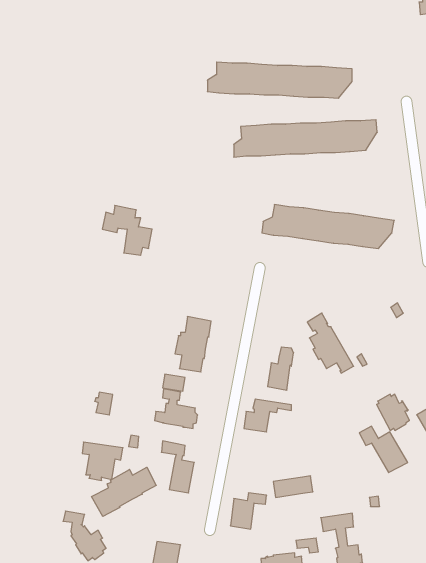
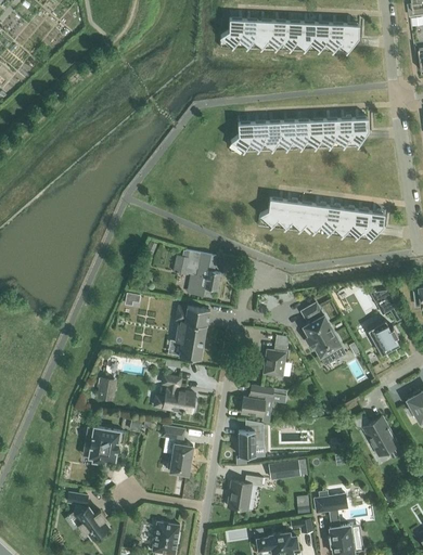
building: [207,62,352,98] -> [220,18,359,53]
building: [102,205,152,255] -> [174,249,221,297]
building: [377,394,409,430] -> [368,320,399,354]
building: none -> [239,420,264,456]
building: [92,467,156,516] -> none

